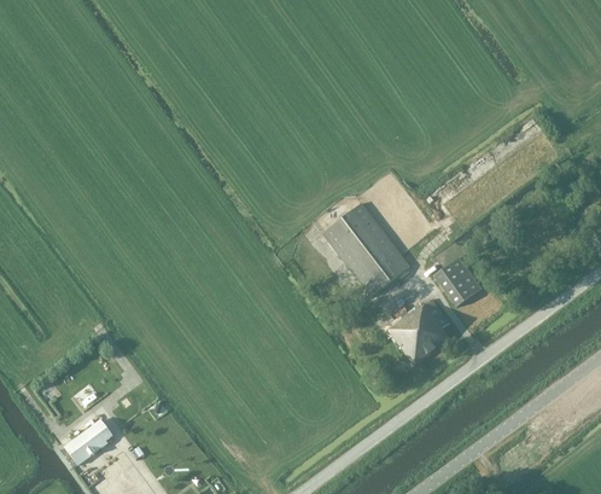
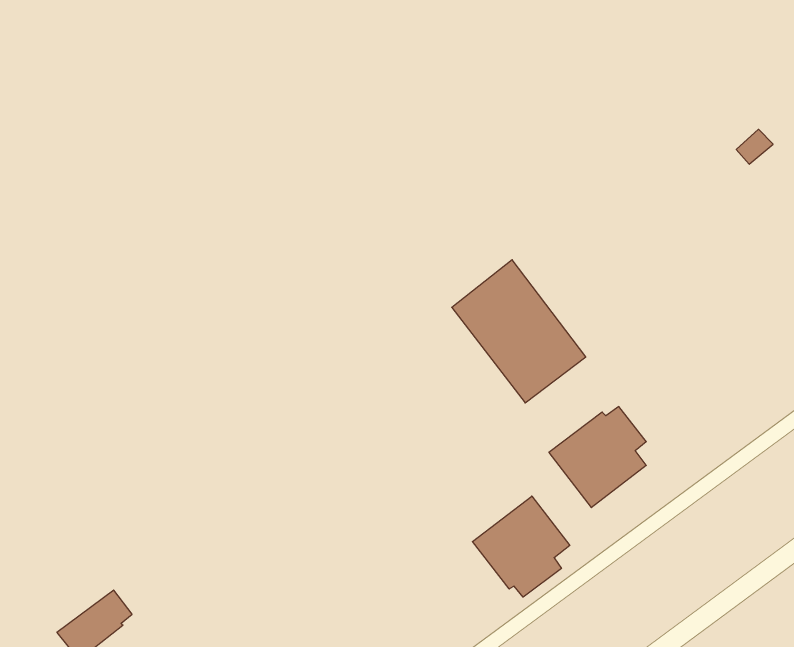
building: [433,256,483,307] -> none
building: none -> [472,496,570,597]

